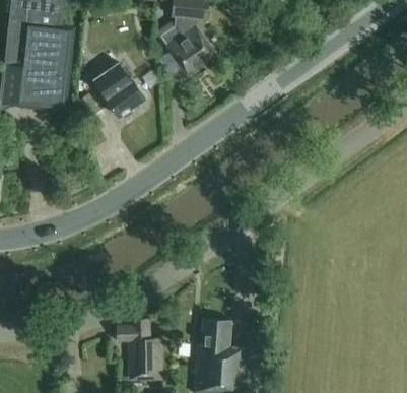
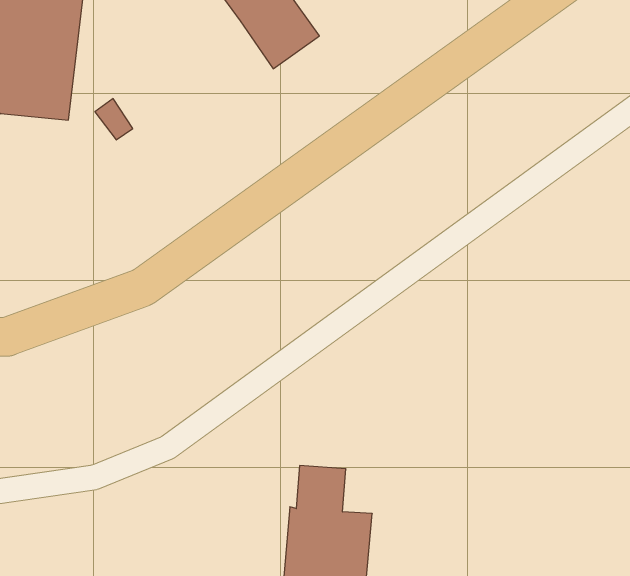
building: [93,62,145,117] -> none
building: [117,318,161,380] -> none

